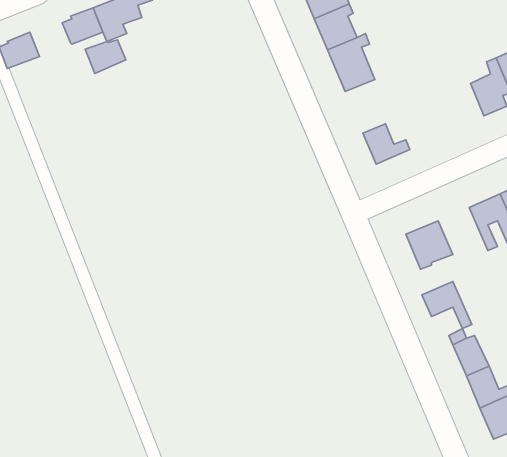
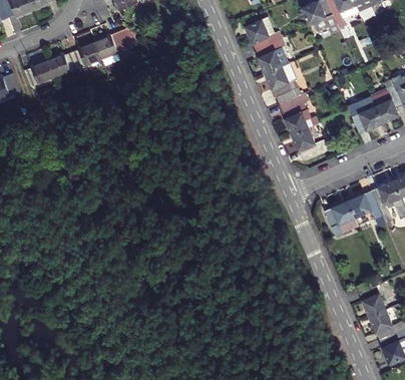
building: [85,40,126,73] -> [44,53,74,78]
building: none -> [279,93,318,135]
building: none -> [347,103,382,132]
building: [422,281,472,329] -> [348,191,385,226]

